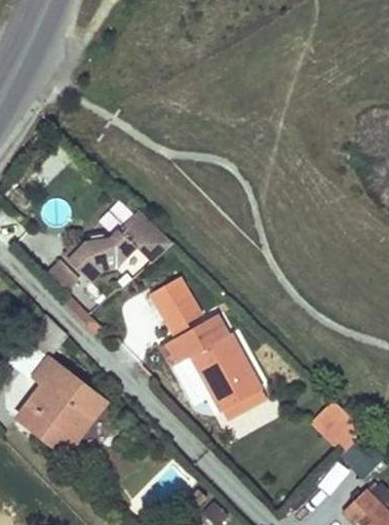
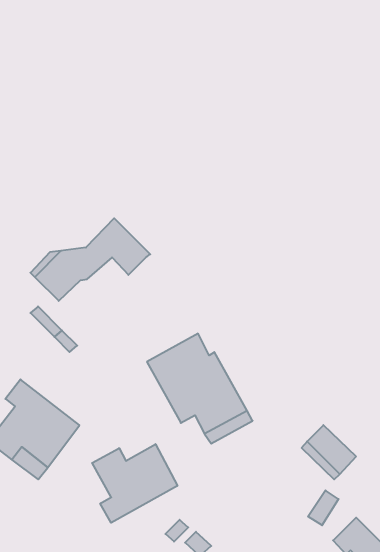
building: [151,277,201,332] -> none
building: none -> [92,444,177,523]

